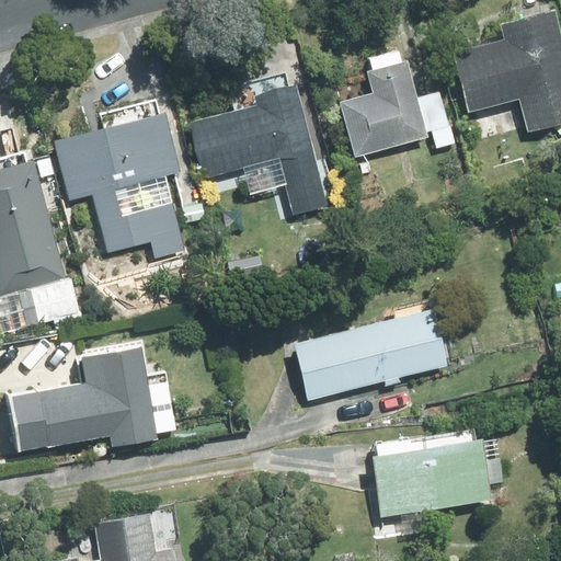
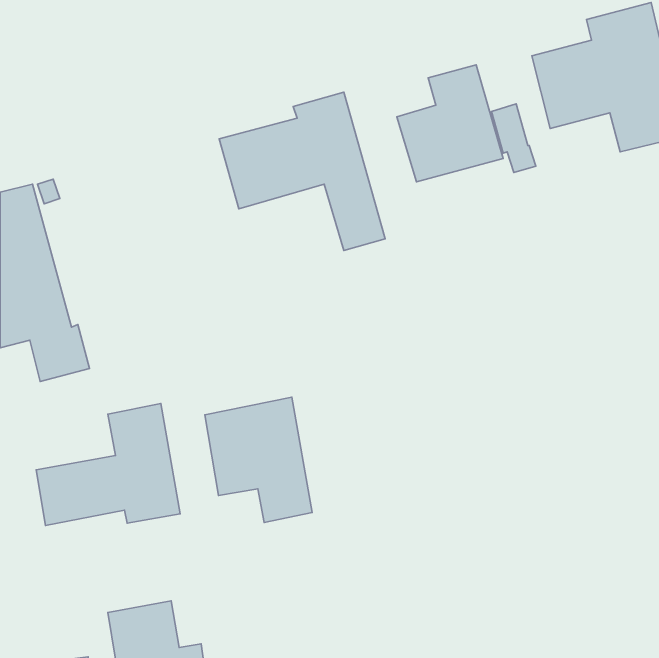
building: [54,111,181,256] -> none
building: [291,305,447,401] -> none
building: none -> [205,397,312,522]
building: [370,437,492,517] -> none

